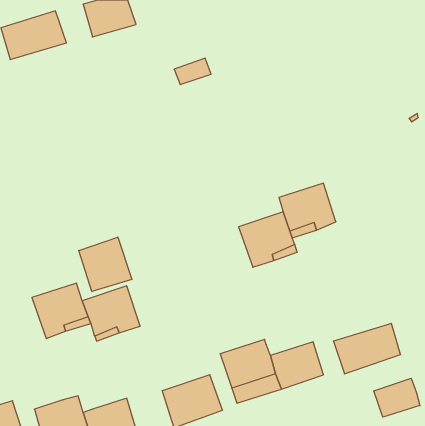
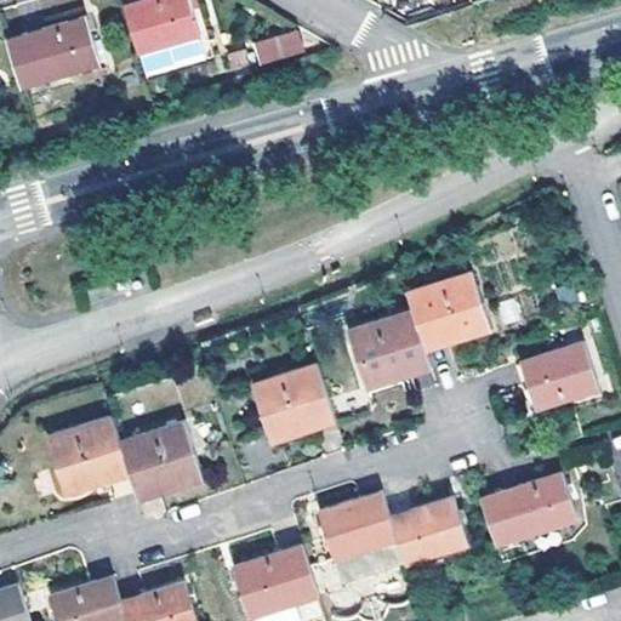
building: [174,58,211,84] -> [246,33,300,70]
building: none -> [519,337,599,406]
building: [79,237,132,292] -> none
building: none -> [252,365,337,445]
building: [374,378,420,417] -> none

